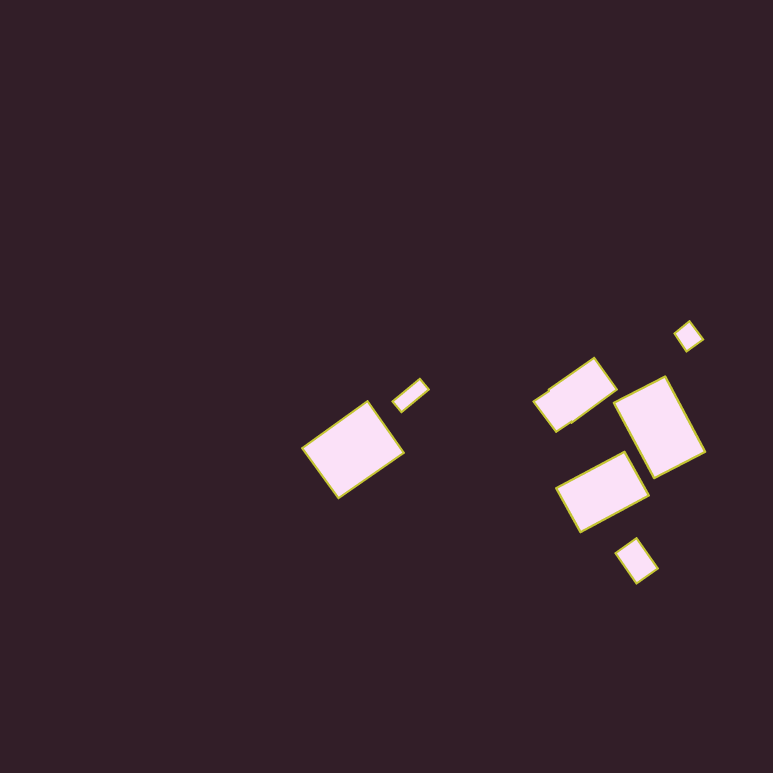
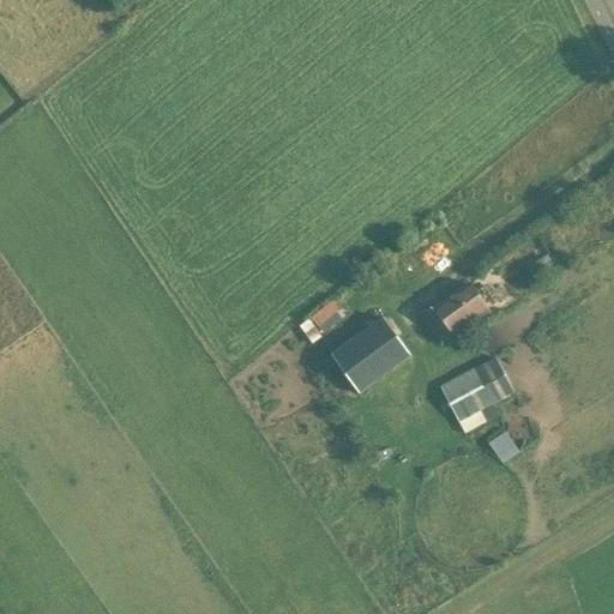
building: [614,376,705,478] -> none
building: [302,401,404,498] -> [331,315,411,392]

